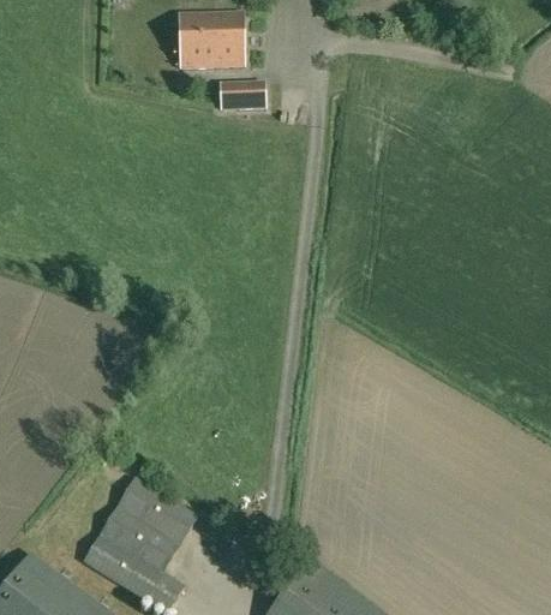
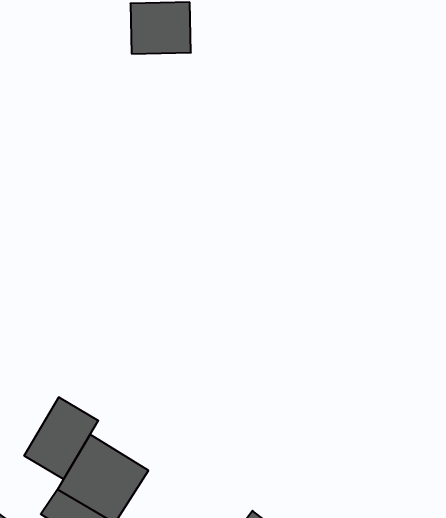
building: [235,82,264,112] -> none
building: none -> [24,397,98,479]

